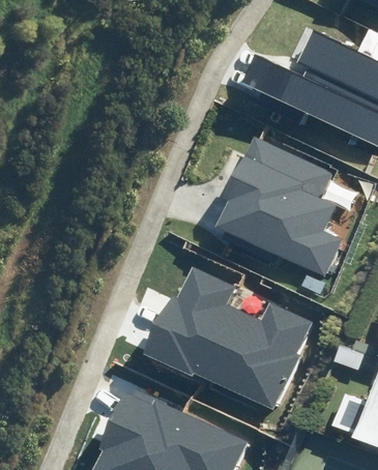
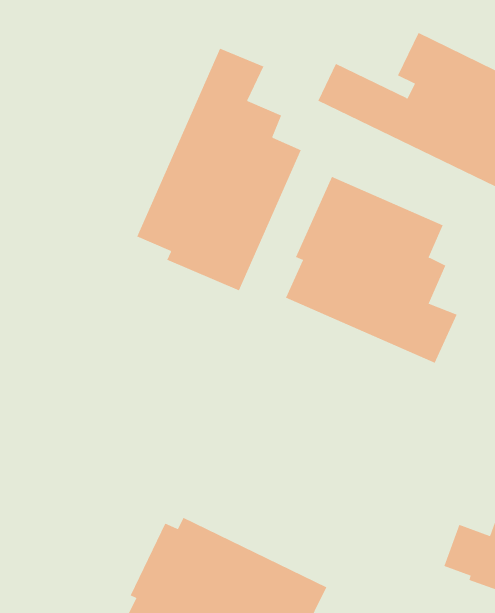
building: none -> [137,48,301,291]
building: [141,267,312,409] -> none

